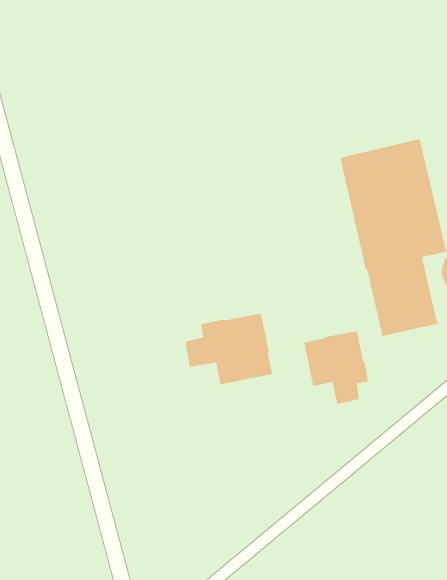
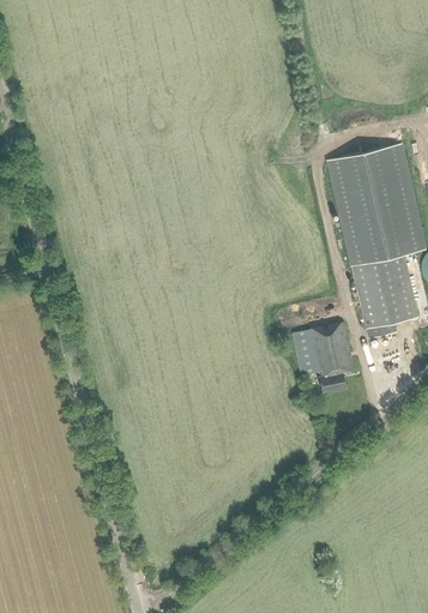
building: [184,313,273,385] -> none

